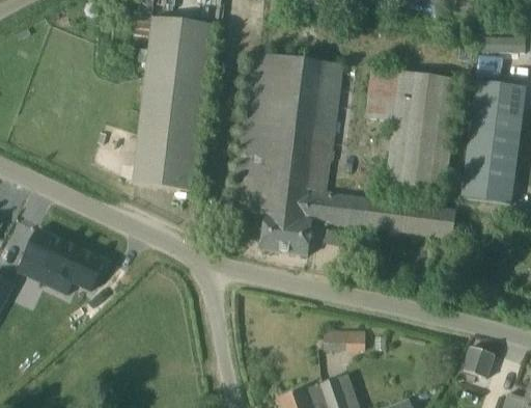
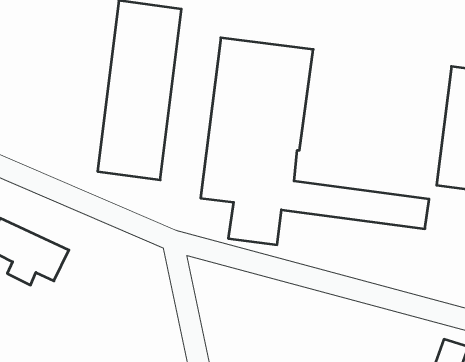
building: [365,67,459,194] -> none
building: [324,329,365,351] -> none

